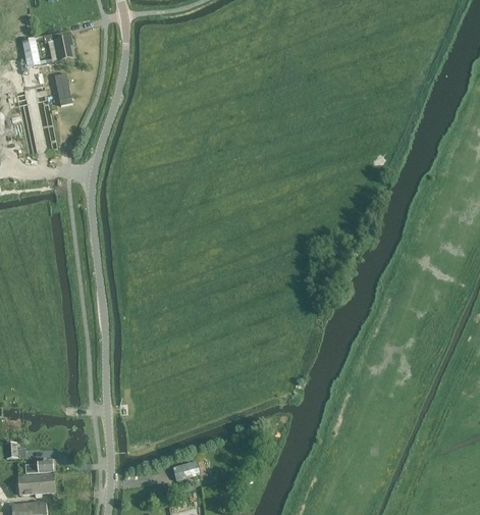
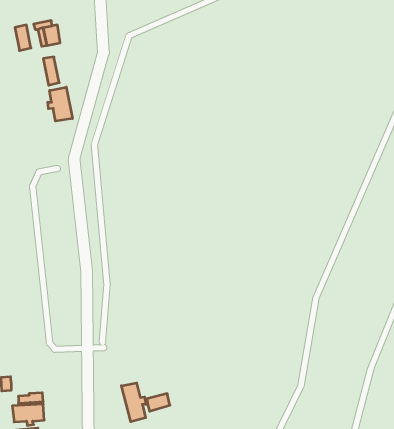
building: none -> [48,87,72,121]
building: none -> [121,383,146,422]

